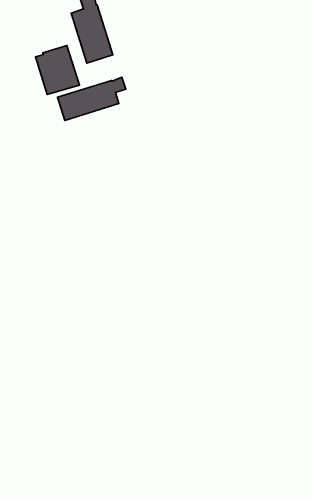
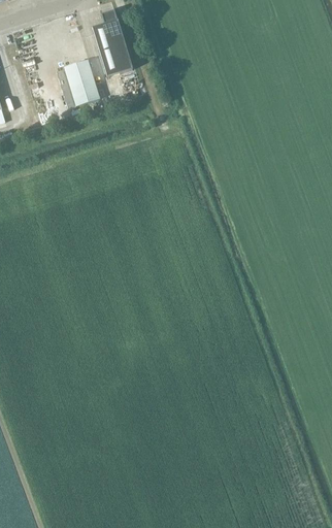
building: [58,77,126,120] -> none

